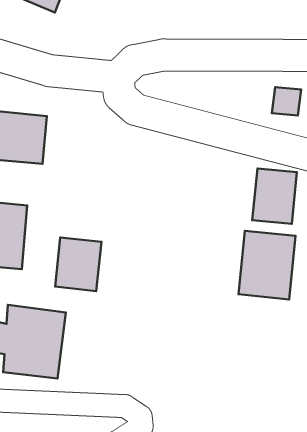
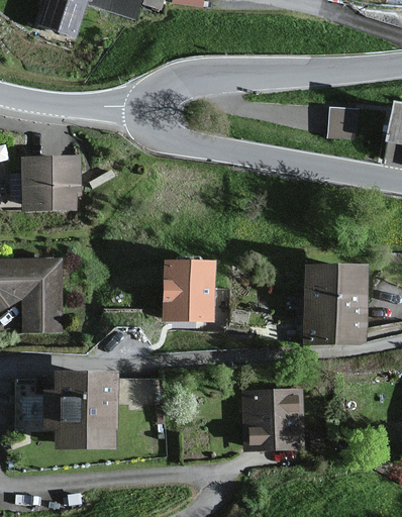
building: [252,168,297,224] -> none
building: [55,238,101,291] -> [167,262,214,318]
building: none -> [239,388,322,450]

